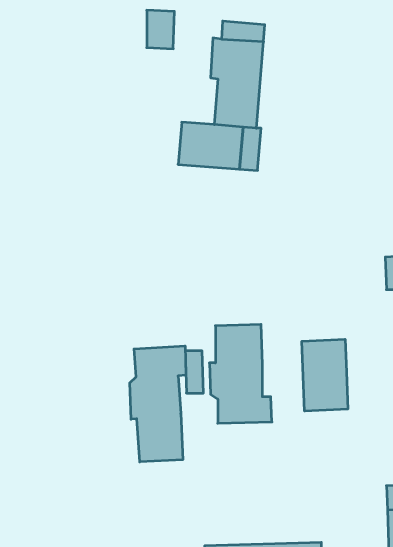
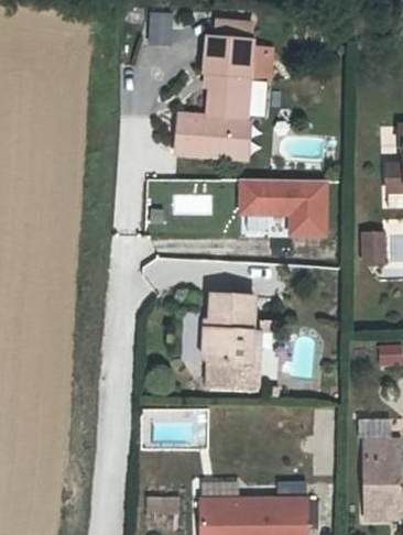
building: none -> [238,183,327,241]
building: [302,339,348,411] -> none
building: [130,346,186,462] -> none

